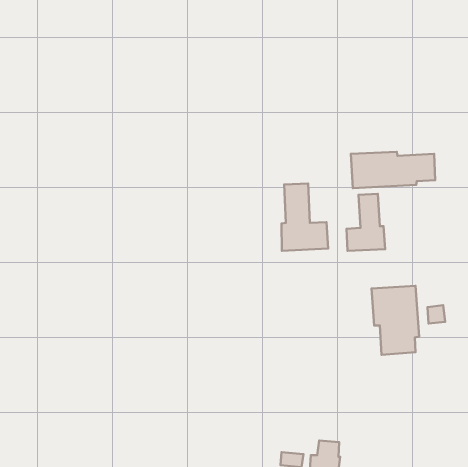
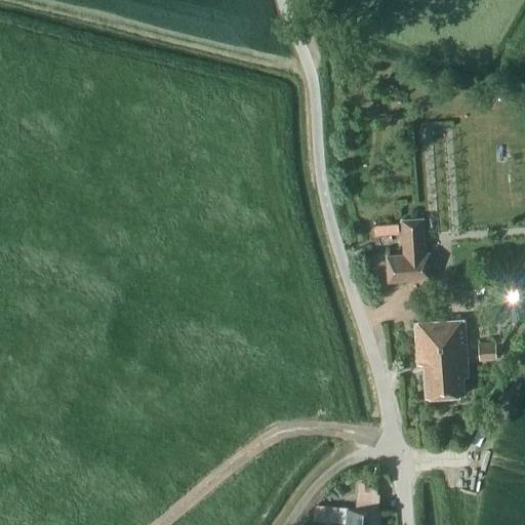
building: [351,152,435,188] -> none
building: [281,183,328,251] -> none

